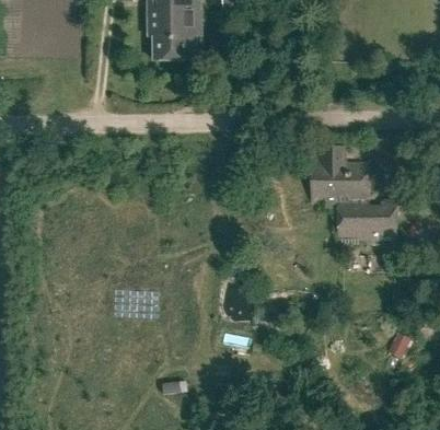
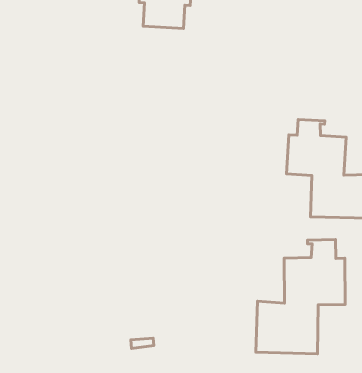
building: none -> [256,240,345,354]

